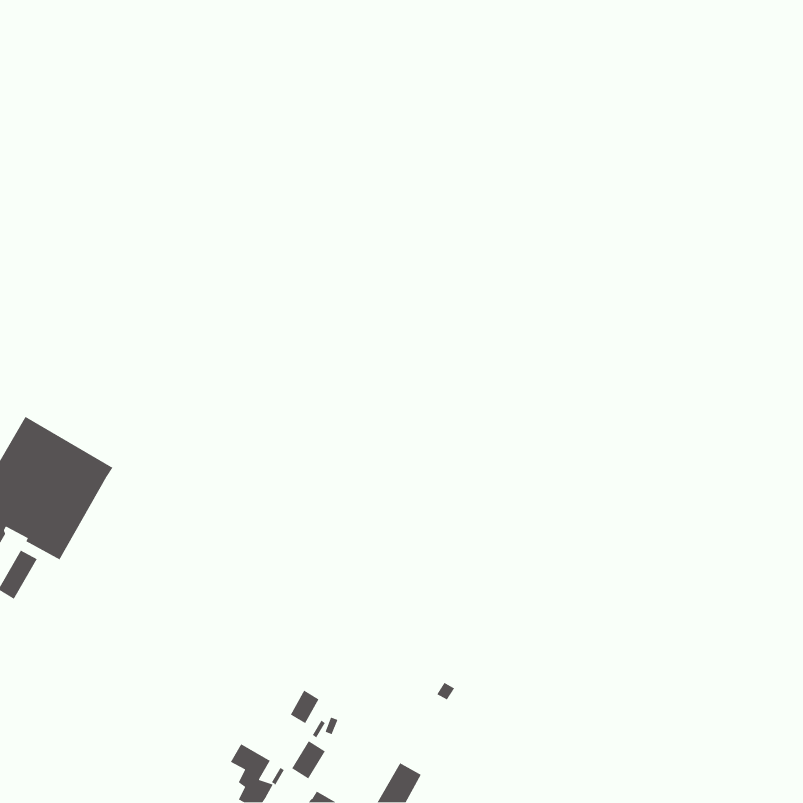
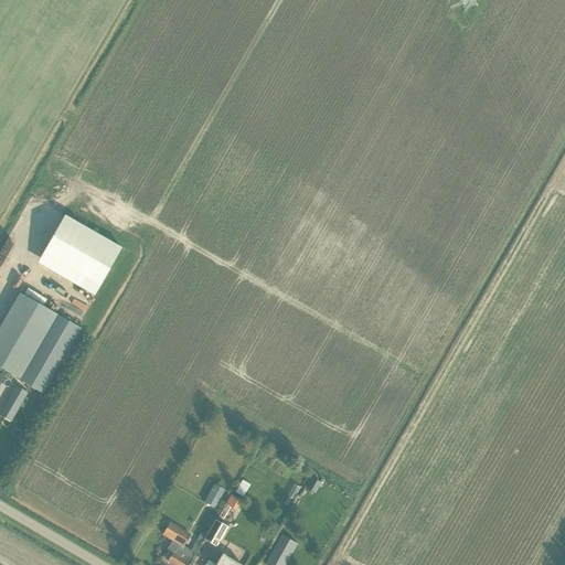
building: none -> [36,214,121,295]

